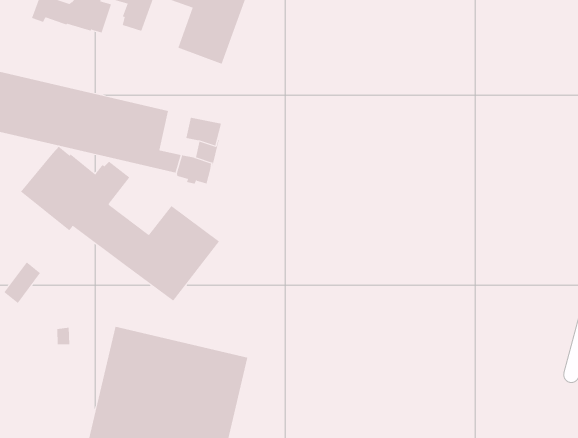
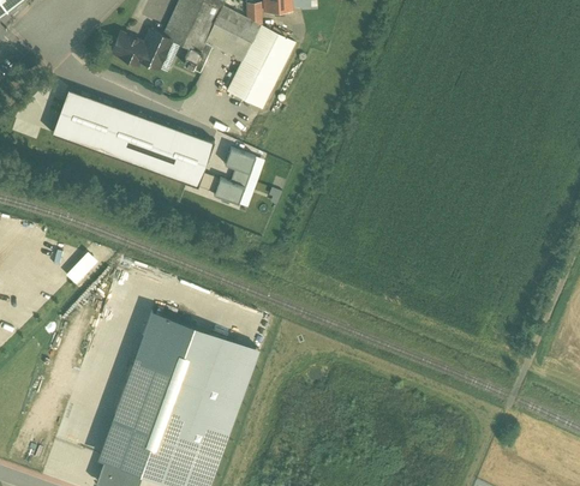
building: [20,146,220,302] -> none

